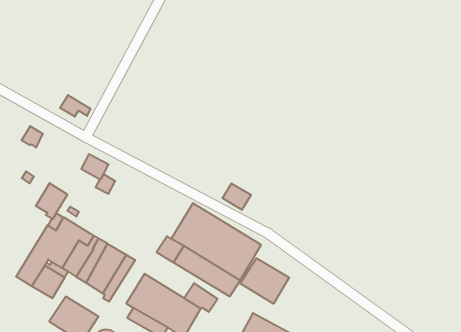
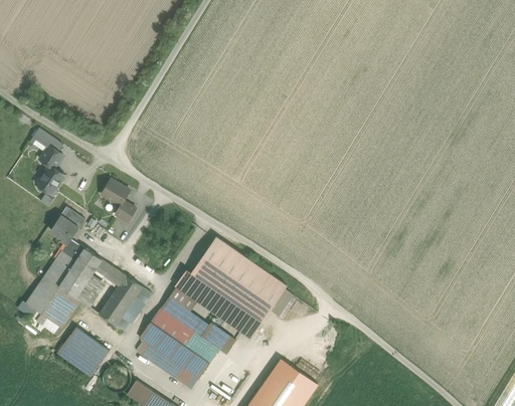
building: [60,95,91,117] -> [30,129,62,152]
building: none -> [36,165,64,195]
building: [223,183,251,210] -> none
building: [240,258,289,304] -> none
building: none -> [161,295,210,337]

